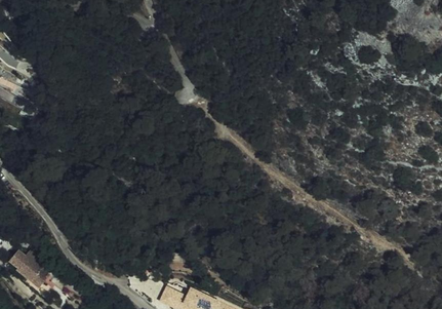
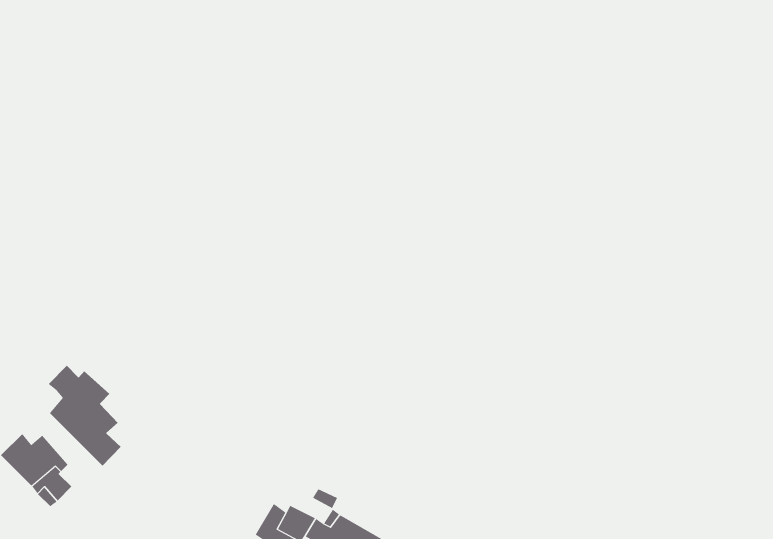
building: none -> [48,365,121,466]

